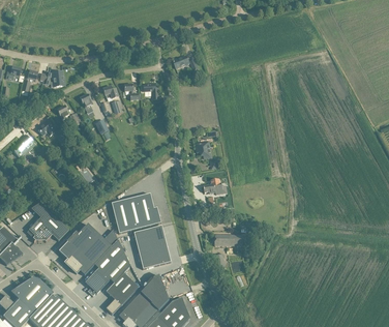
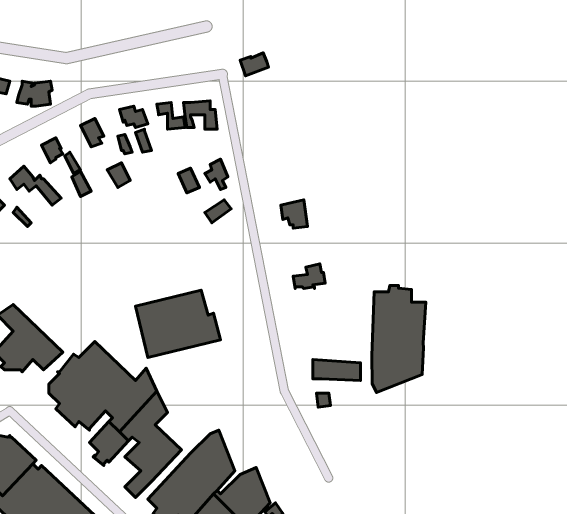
building: none -> [372,286,426,392]
building: [132,225,171,268] -> none

